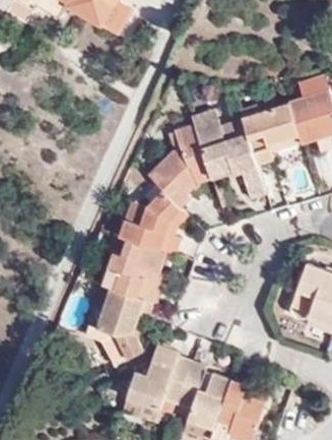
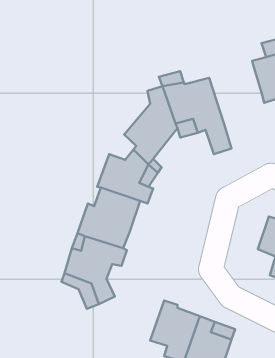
building: [238,104,297,169] -> none
building: [128,345,192,411] -> none

